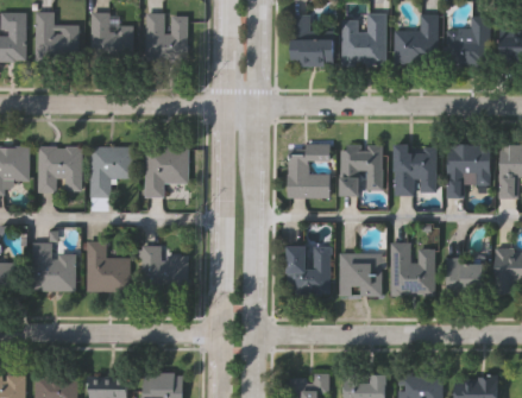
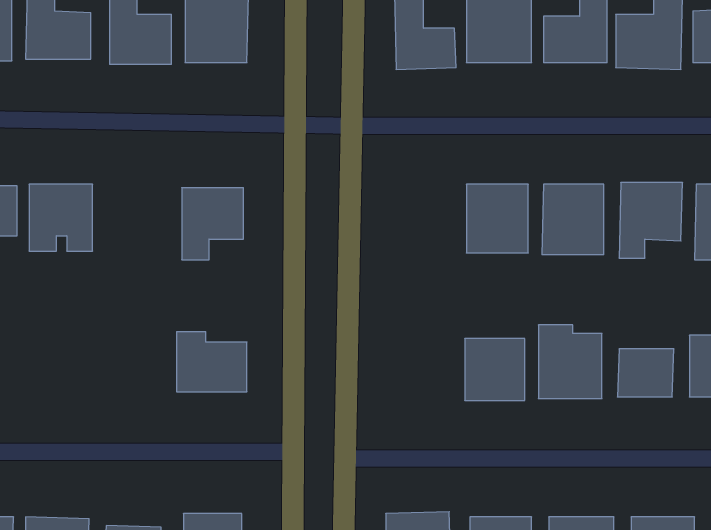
building: [89,145,133,196] -> none
building: [288,145,329,197] -> none
building: [33,241,76,290] -> none
building: [86,241,130,290] -> none
building: [287,244,331,295] -> none

